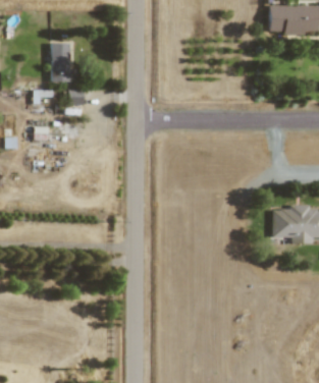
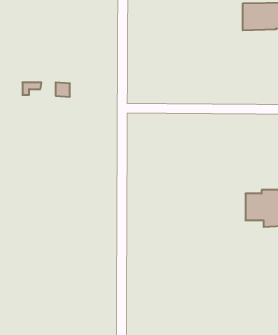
building: [52,43,78,81] -> none

